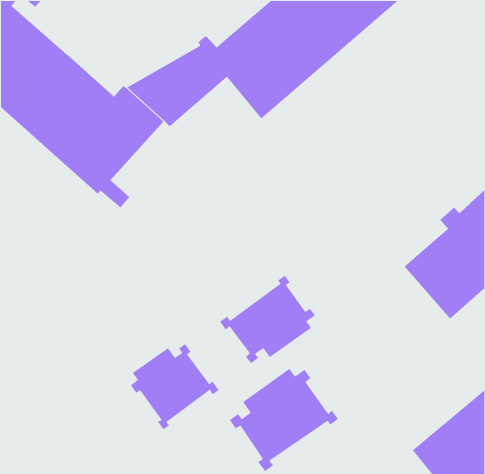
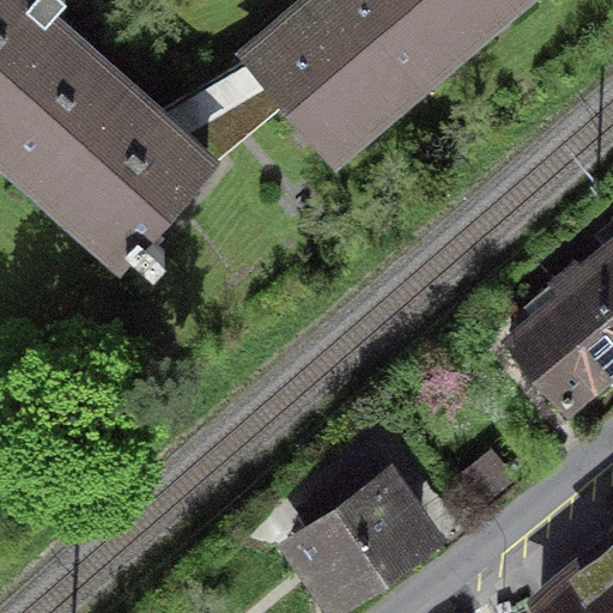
building: [219,275,316,364] -> none
building: [130,343,220,430] -> none

